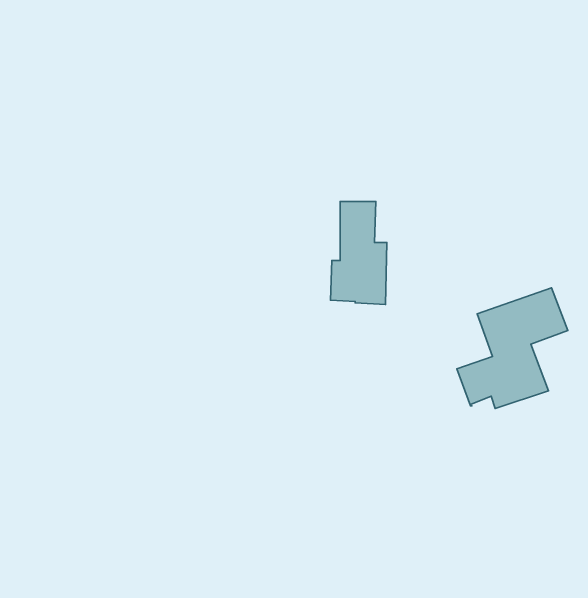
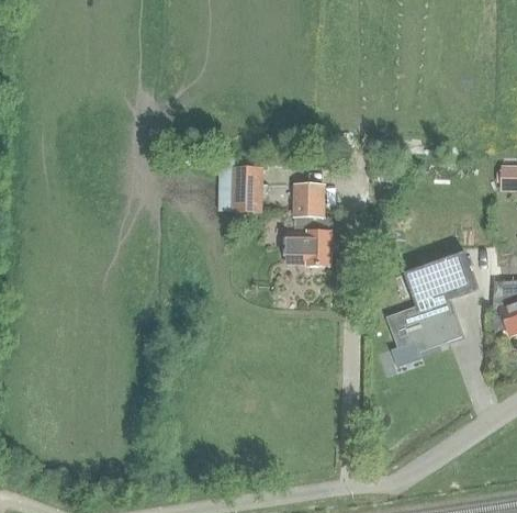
building: none -> [233,166,261,213]

